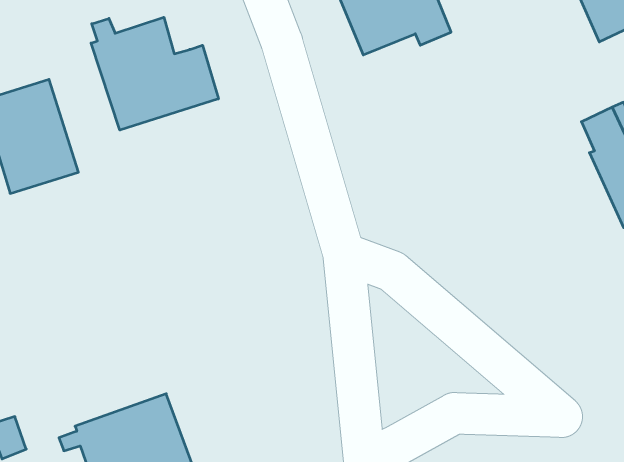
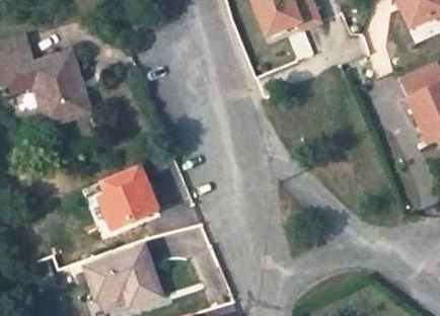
building: [91,17,218,130] -> none
building: none -> [98,166,158,229]

